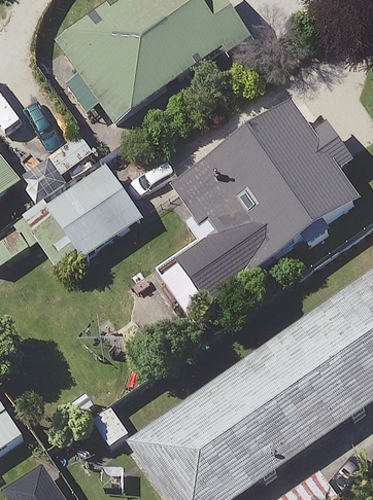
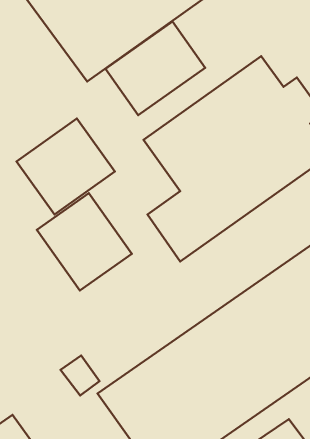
building: none -> [105,21,205,115]
building: none -> [37,193,132,291]

